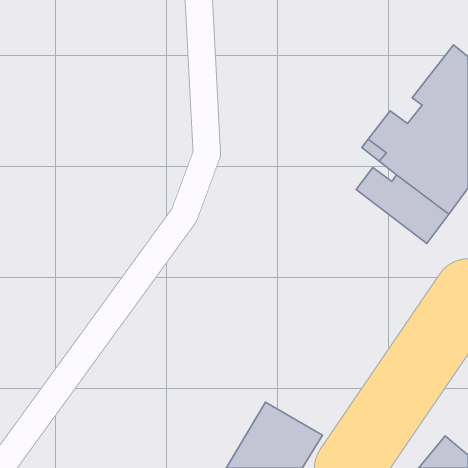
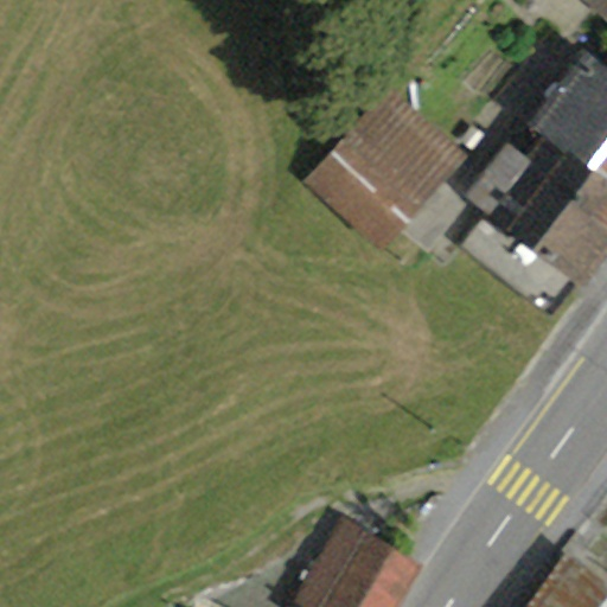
building: none -> [313,98,449,238]

